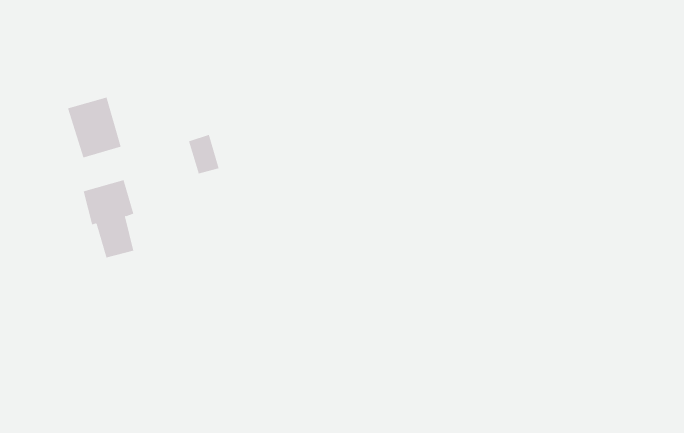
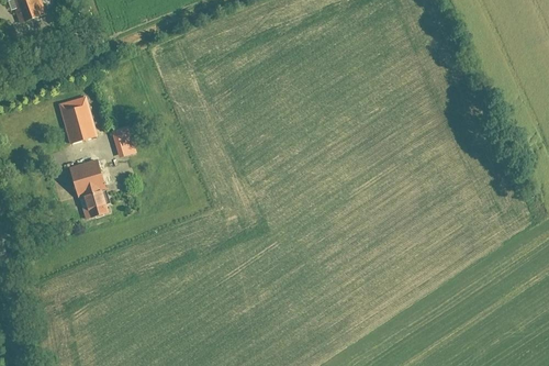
building: [188,134,220,174] -> [112,125,136,156]

